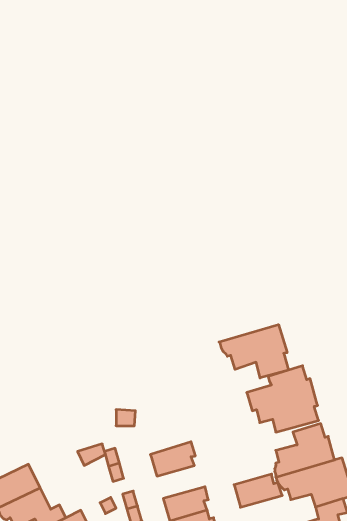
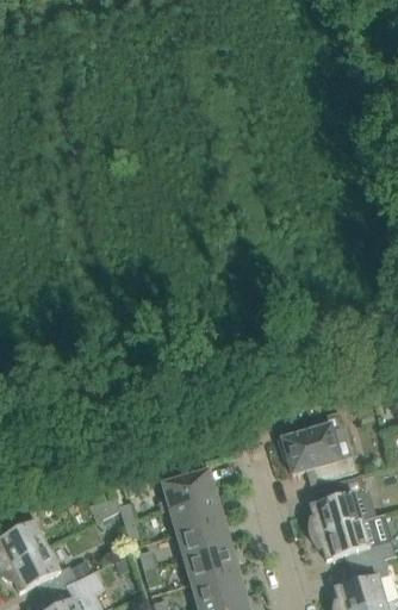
building: [219,325,288,378] -> none
building: none -> [158,472,216,512]
building: [234,474,282,507] -> [178,522,231,559]

